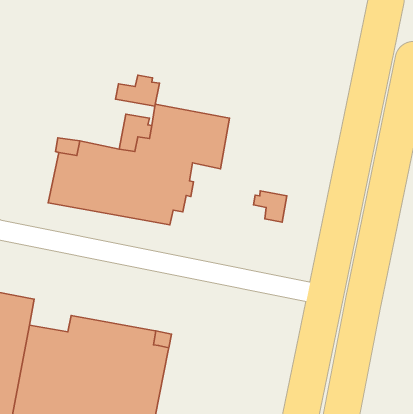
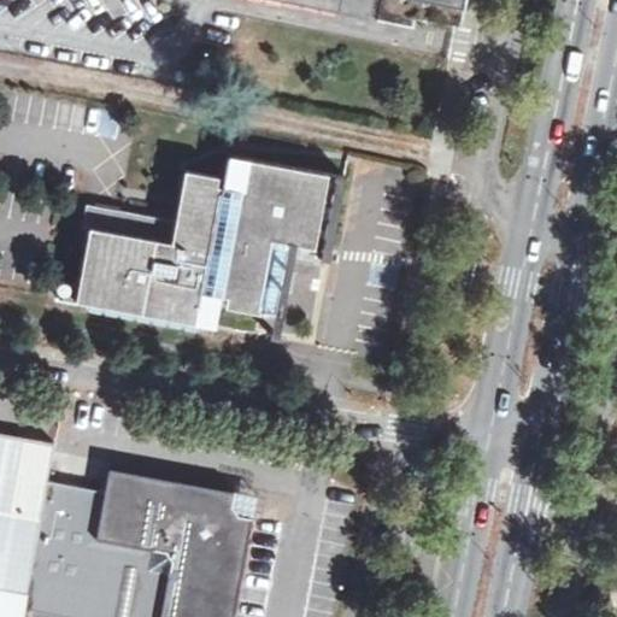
building: [115,75,159,106] -> none
building: [253,191,287,222] -> none

